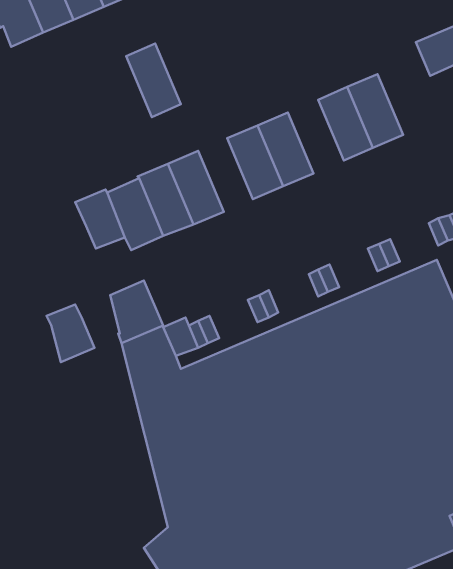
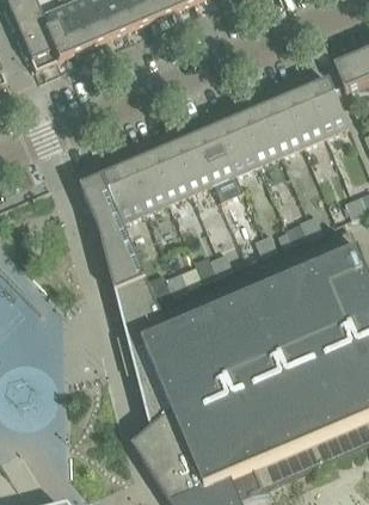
building: [126,43,181,117] -> [173,137,214,192]
building: none -> [307,80,350,135]
building: none -> [240,109,282,164]
building: [46,305,94,362] -> [97,211,133,254]

